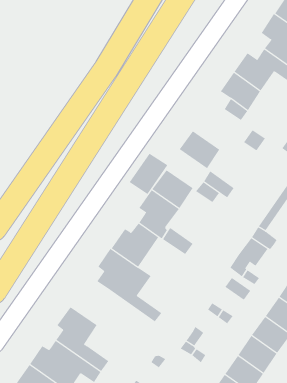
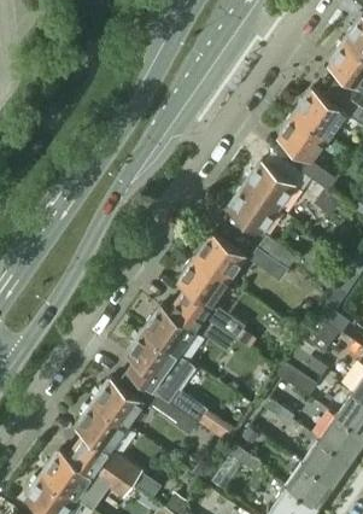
building: none -> [245,163,297,211]
building: [129,153,168,195] -> none
building: none -> [94,380,199,436]

